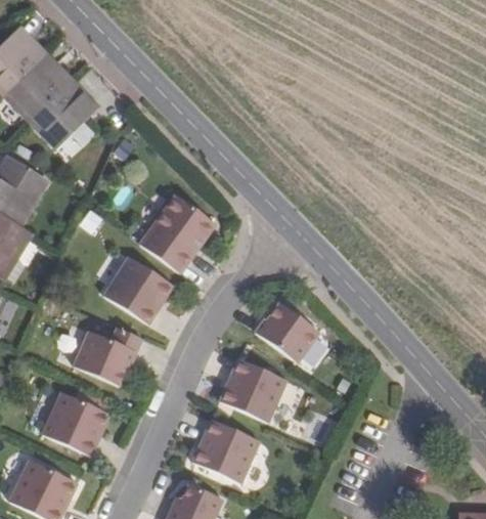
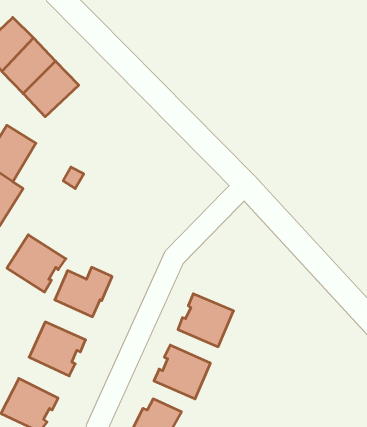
building: [137,193,213,272] -> none
building: [101,256,172,325] -> [7,235,66,292]
building: [254,302,317,361] -> none

